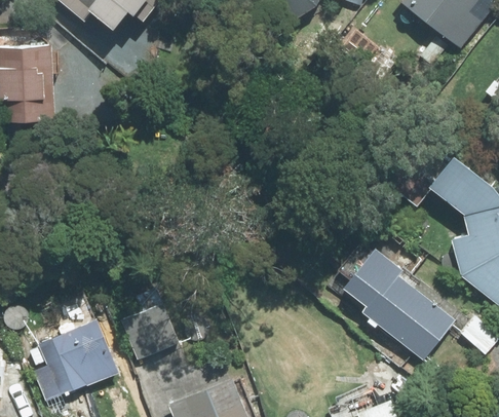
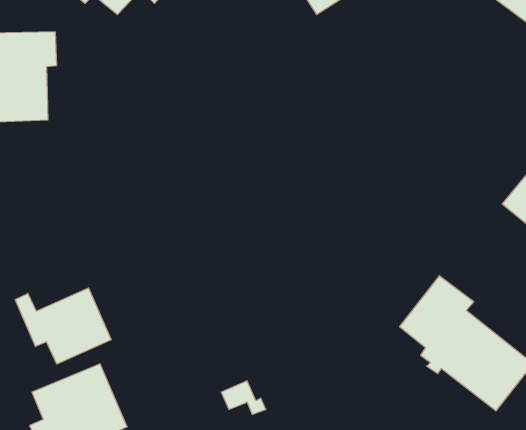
building: none -> [15,288,111,364]
building: [121,300,180,358] -> none

